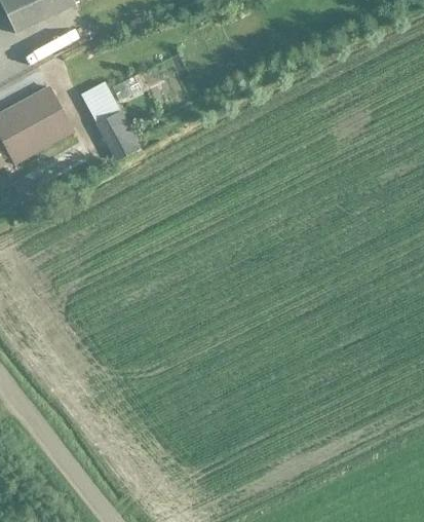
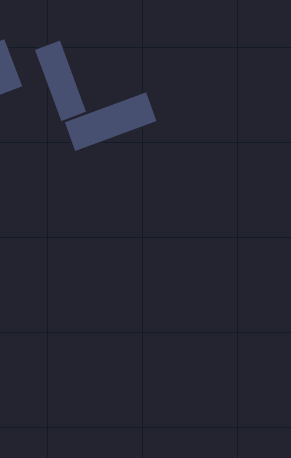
building: none -> [64,92,157,152]

